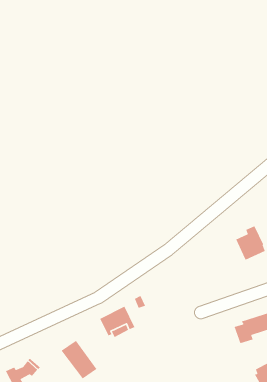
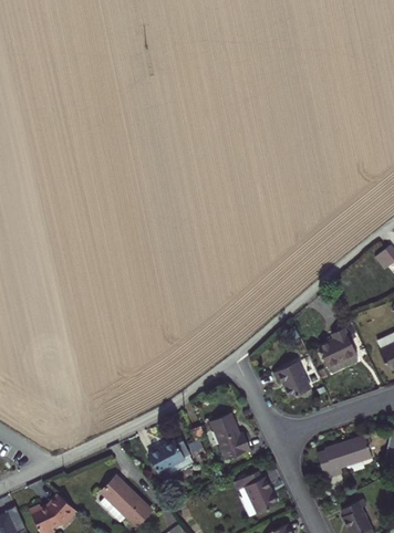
building: none -> [276,360,310,396]
building: none -> [210,412,246,458]
building: none -> [236,468,279,515]

